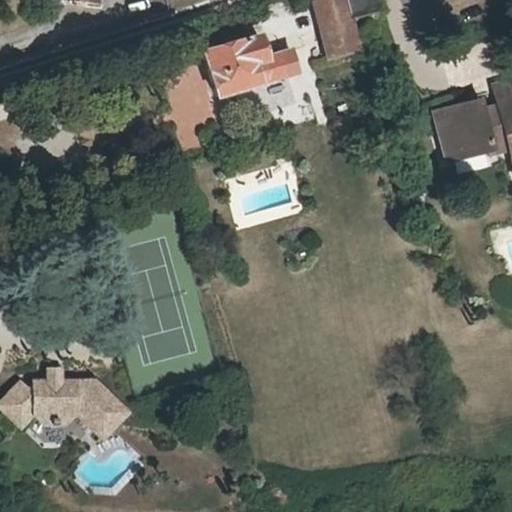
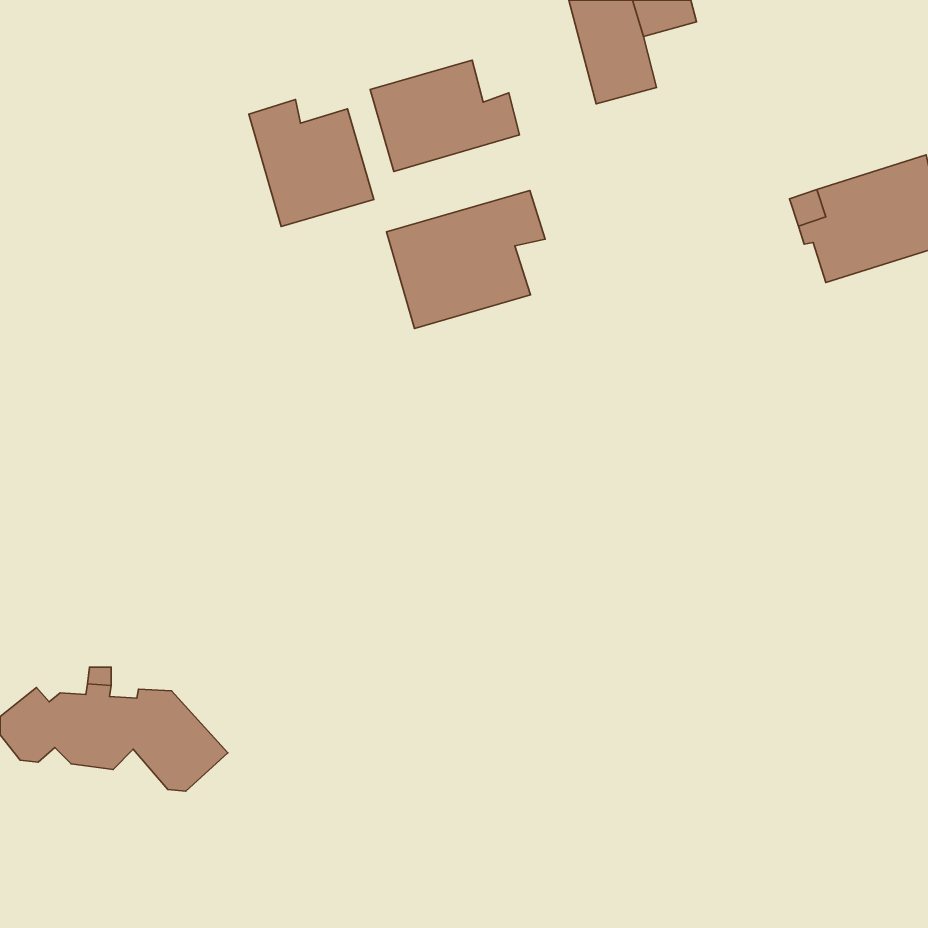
building: none -> [249,100,374,226]
building: none -> [386,190,545,329]

